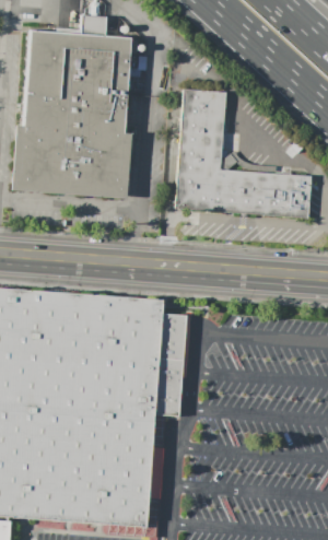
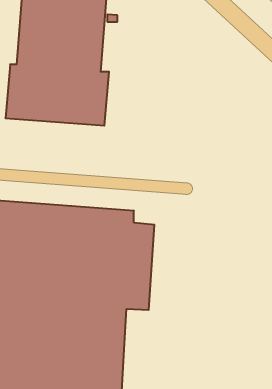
building: [176,90,309,218] -> none

